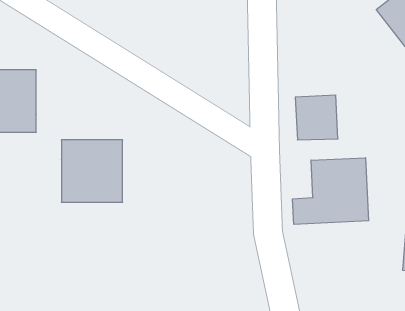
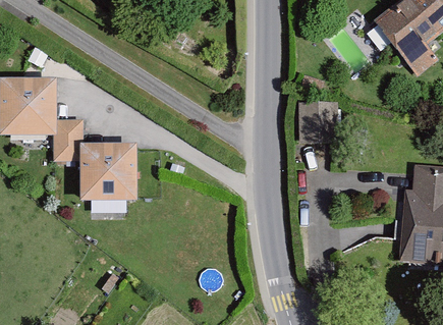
building: none -> [53,119,85,161]
building: [293,158,369,224] -> none

